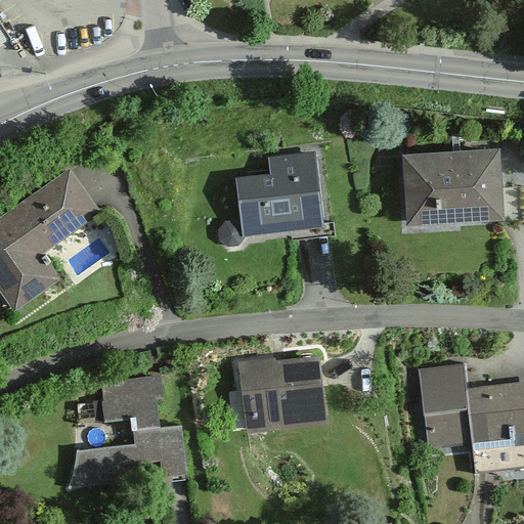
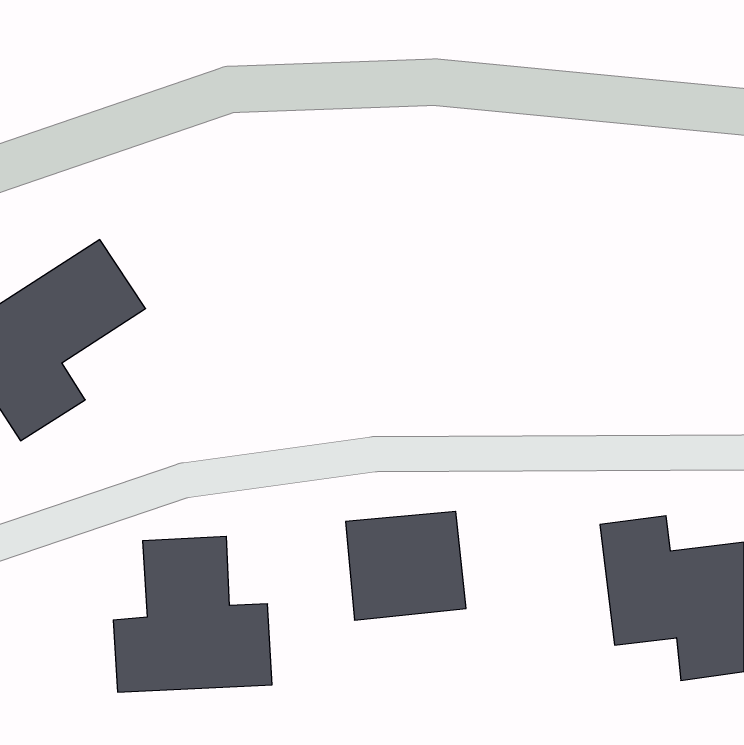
building: [401,147,506,231] -> none
building: [216,154,326,247] -> none

